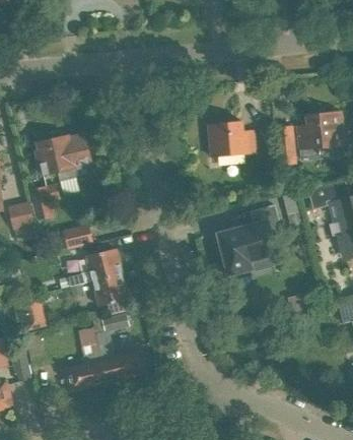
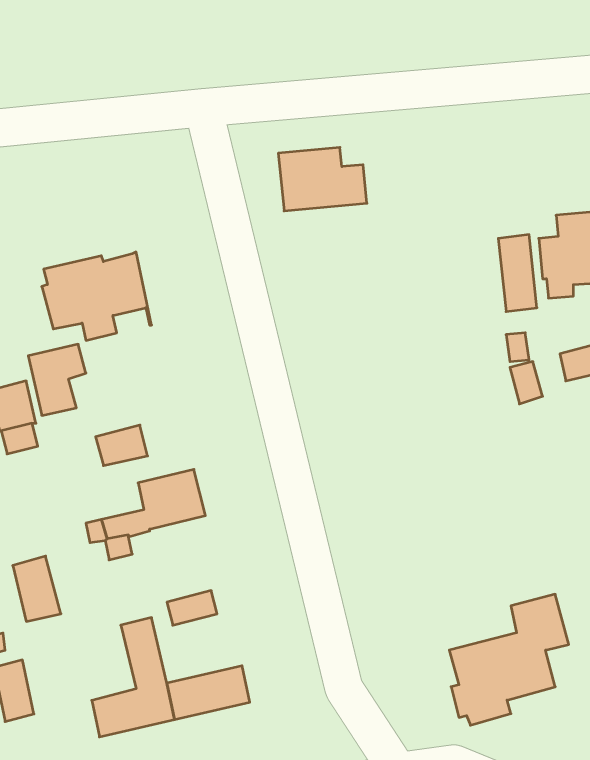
building: [209,122,256,155] -> [278,147,367,211]
building: [219,204,282,273] -> [449,594,569,725]
building: [93,273,129,306] -> none

